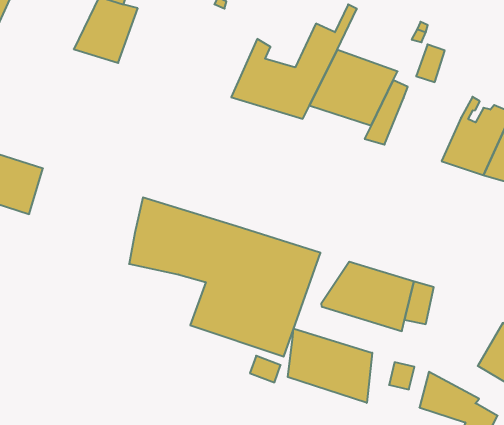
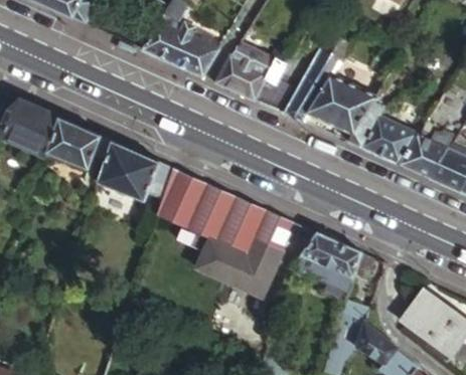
building: none -> [168,28,220,80]
building: none -> [210,41,287,102]
building: none -> [355,118,414,167]
building: none -> [99,141,174,199]
building: [288,329,372,403] -> none

